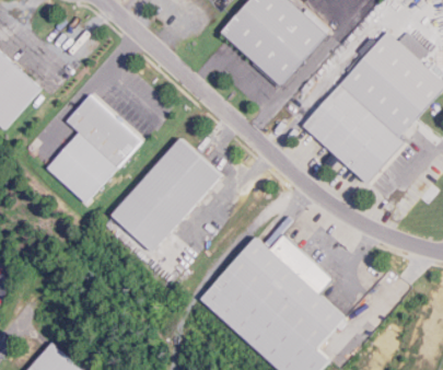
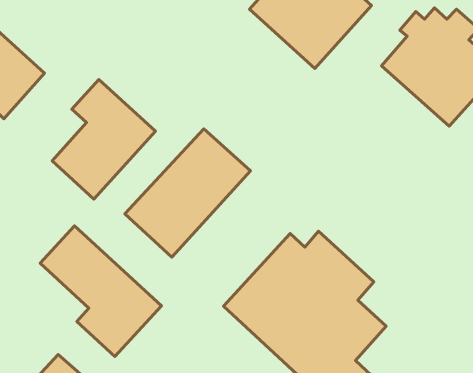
building: [301,84,404,183] -> none
building: none -> [40,226,161,356]

